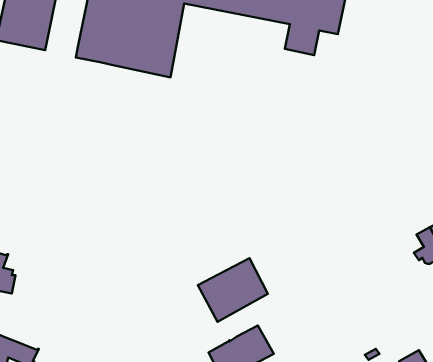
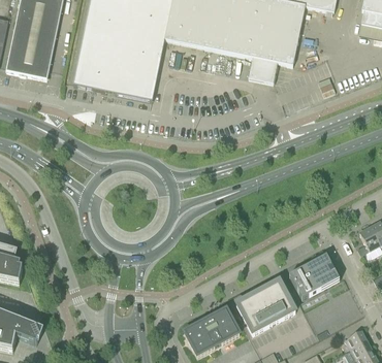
building: [198,258,268,322] -> [235,279,294,333]
building: none -> [288,255,337,298]

